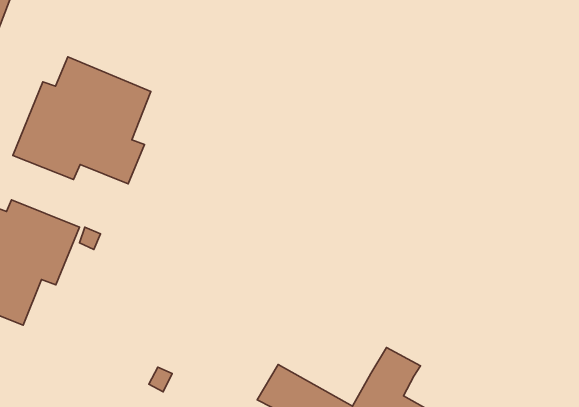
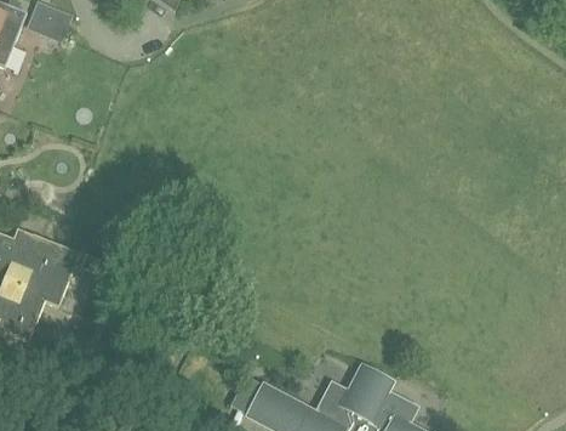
building: [13,57,151,184] -> none

